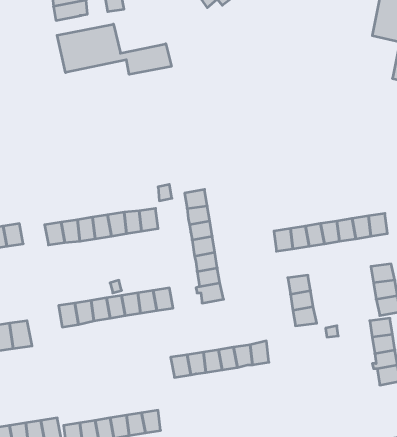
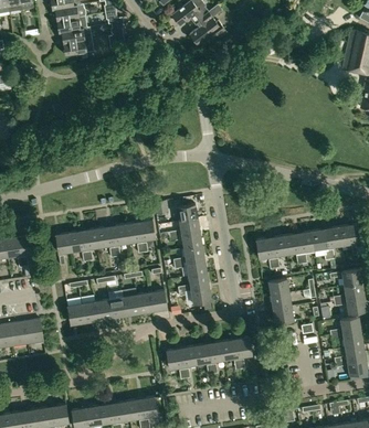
building: [57,24,171,74] -> none

